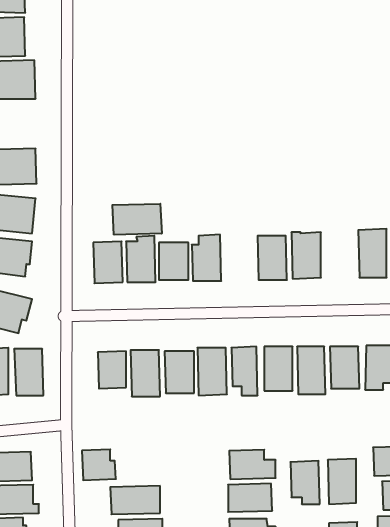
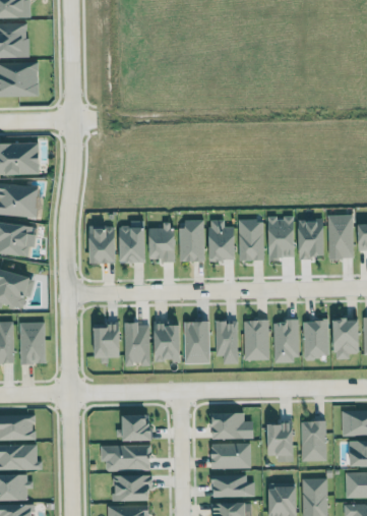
building: [112,204,162,235] -> none
building: none -> [298,220,324,257]
building: none -> [208,221,235,260]
building: [82,449,116,480] -> [122,414,152,442]

